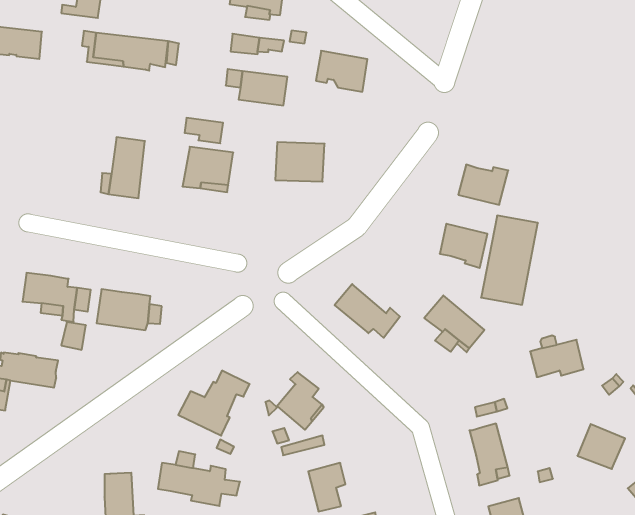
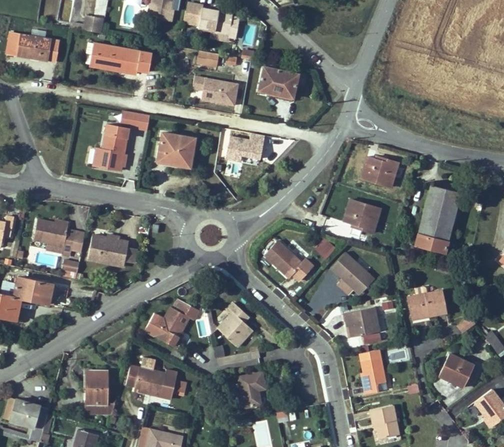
building: [185,118,223,143] -> [122,108,151,128]
building: [481,216,538,305] -> [415,185,460,252]
building: none -> [343,307,379,337]

